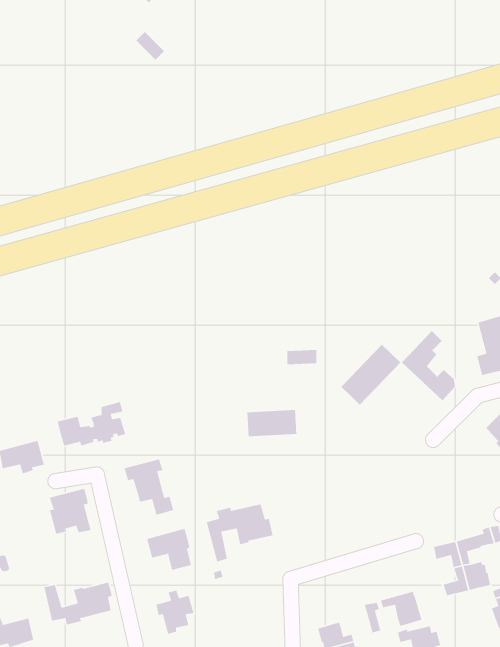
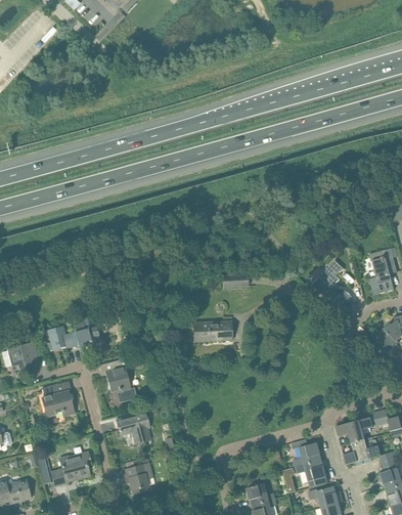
building: [341,344,401,405] -> none
building: [206,504,274,562] -> none
building: none -> [293,442,320,467]

